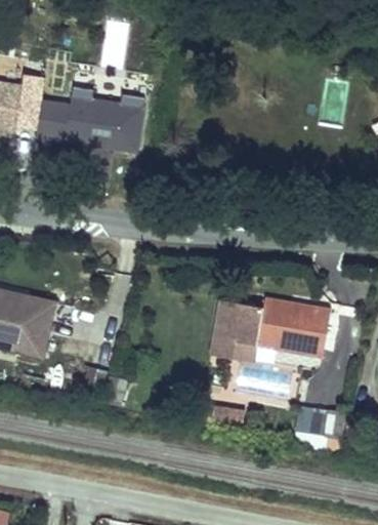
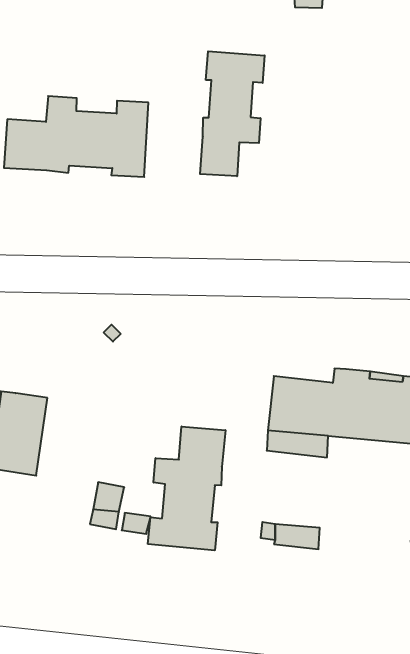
building: none -> [200,51,265,176]
building: none -> [148,426,225,550]

